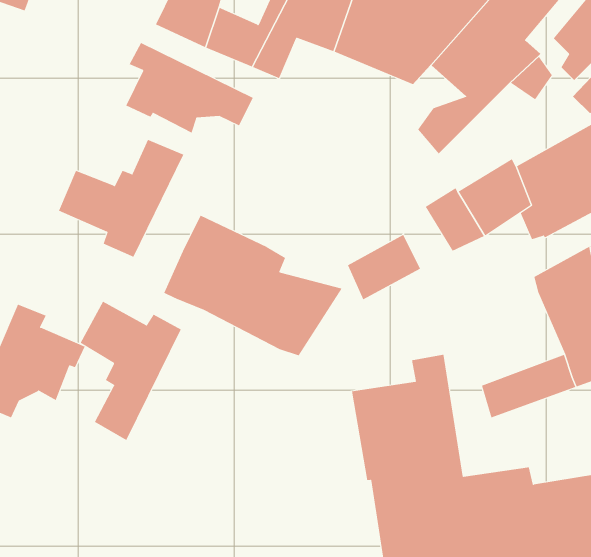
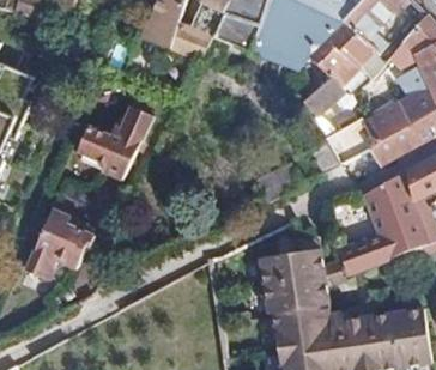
building: [126,42,254,134] -> none
building: [163,215,343,356] -> none
building: [80,301,181,441] -> none

